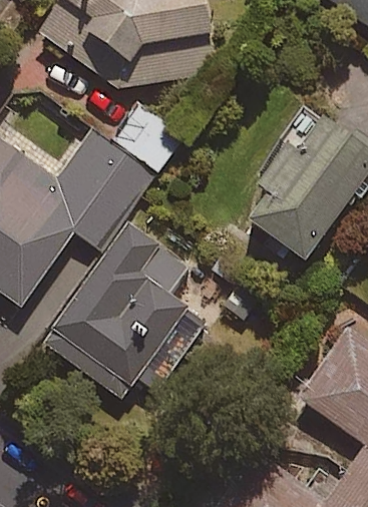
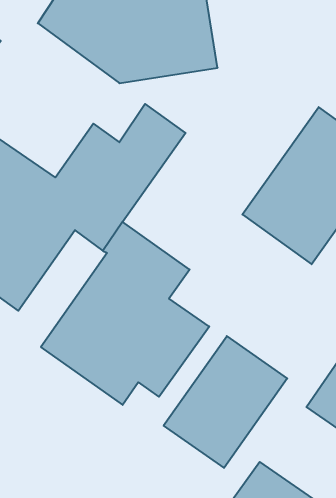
building: none -> [164,336,287,468]

